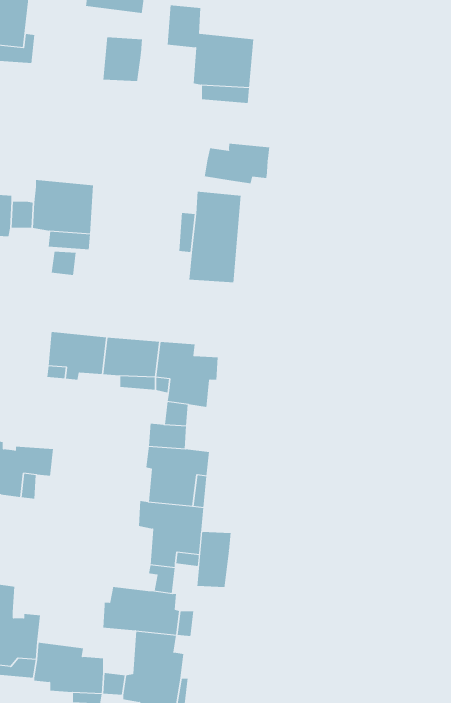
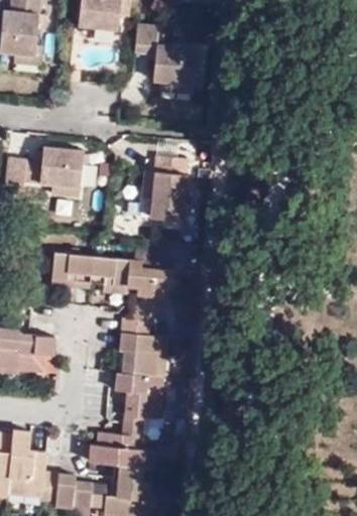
building: [103,37,143,82] -> none
building: [204,143,270,184] -> none
building: [197,531,231,588] -> none

